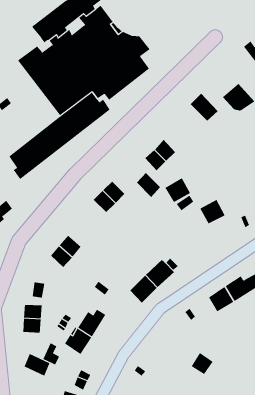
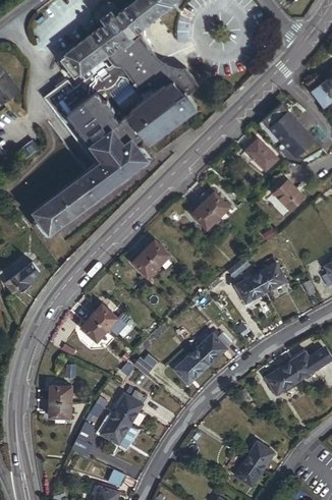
building: none -> [263,104,302,143]
building: none -> [274,179,303,210]
building: [136,172,161,198] -> none
building: [165,177,191,203] -> [236,273,267,302]
building: [24,353,50,376] -> none
building: none -> [235,457,263,485]

